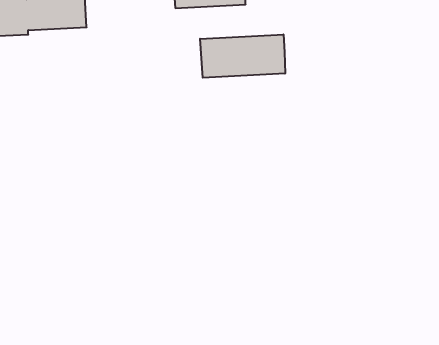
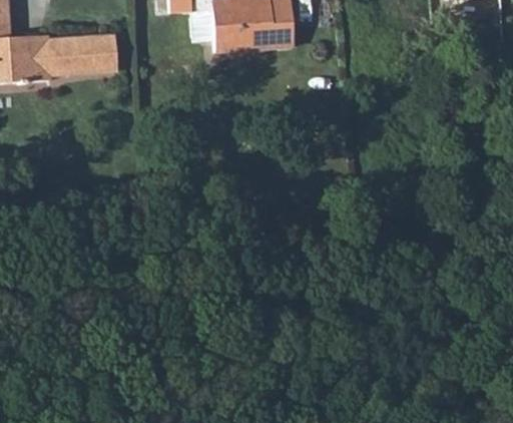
building: [200,34,285,78] -> none

